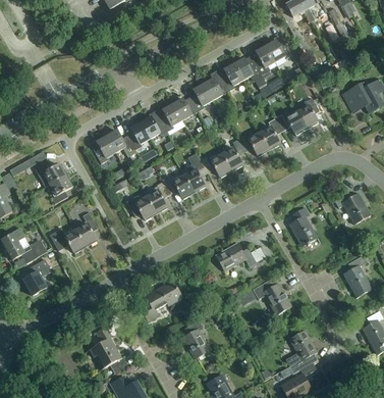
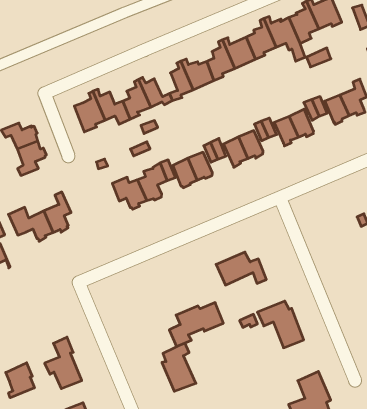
building: [289,207,318,245] -> none
building: [141,282,182,319] -> [169,303,223,346]
building: none -> [6,363,34,398]

